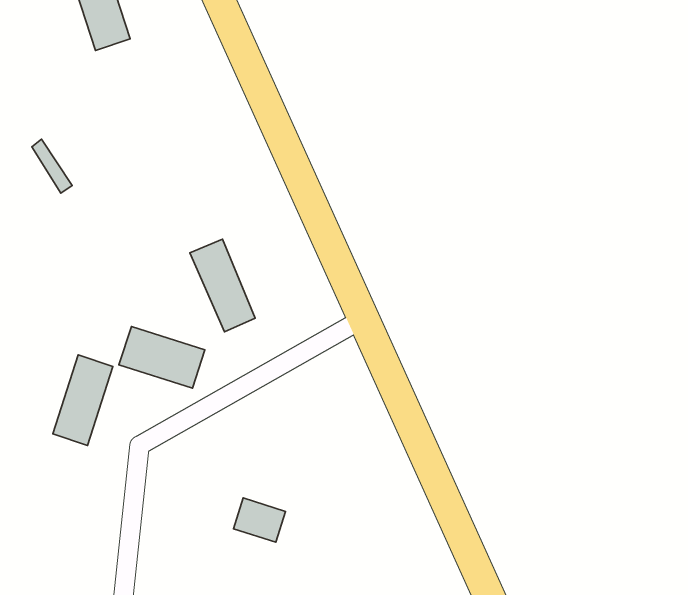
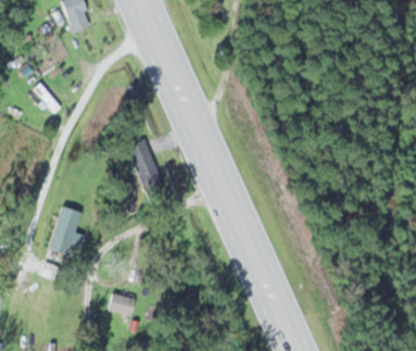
building: [119,327,205,388] -> none
building: [233,498,285,542] -> [106,293,136,318]

